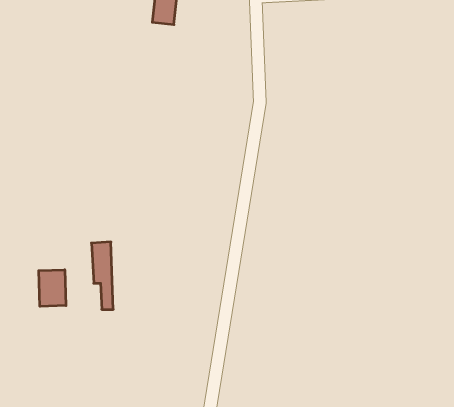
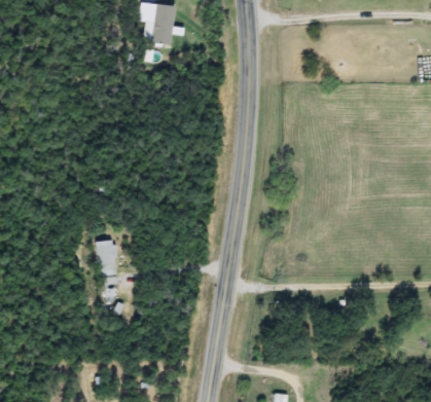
building: [39,270,66,306] -> none

